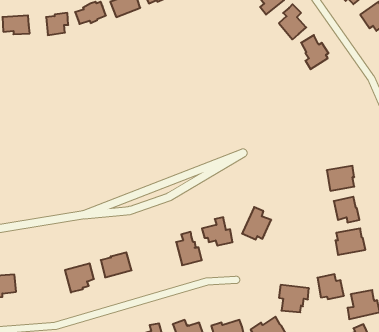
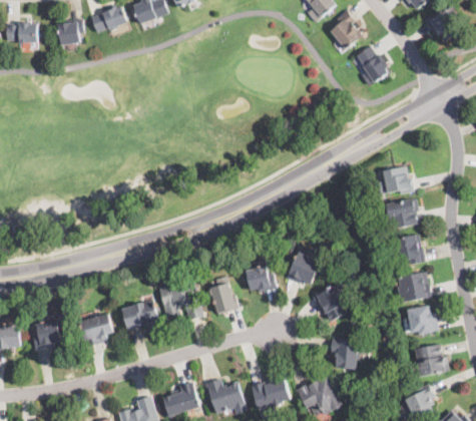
building: none -> [382,166,414,194]
building: none -> [158,282,203,321]
building: none -> [313,282,347,322]
building: none -> [33,322,61,349]
building: [317,274,344,299] -> [407,306,438,335]

